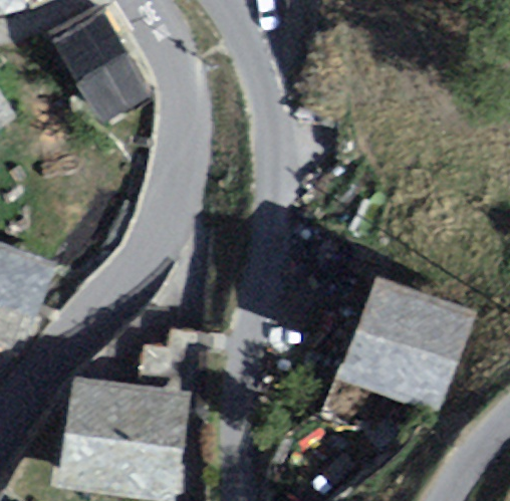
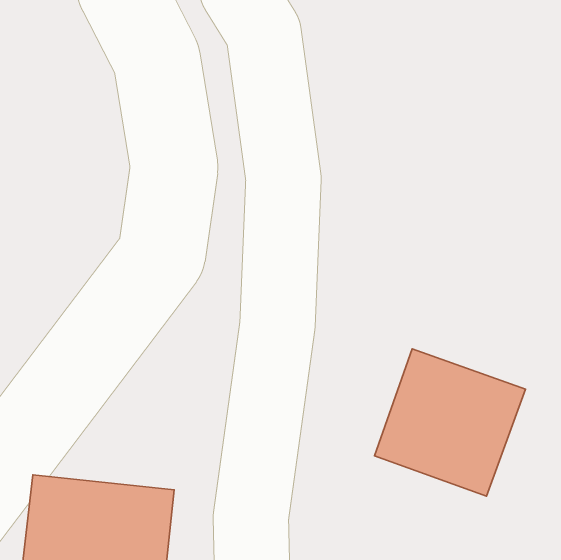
building: [54,14,145,119] -> none

